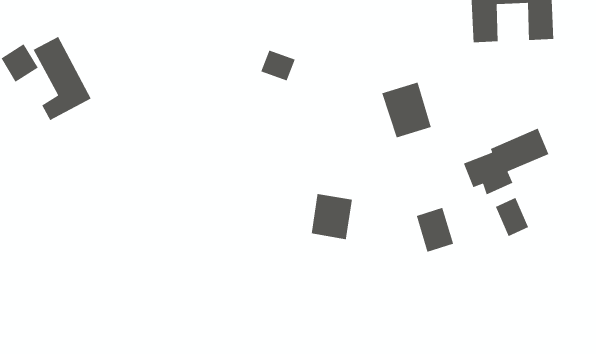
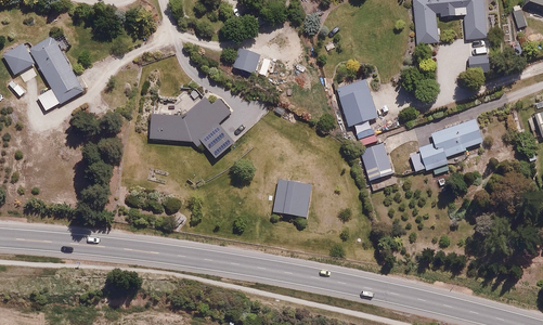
building: none -> [151,90,237,161]
building: [495,197,529,237] -> none
building: [416,207,454,253] -> [360,140,393,180]

